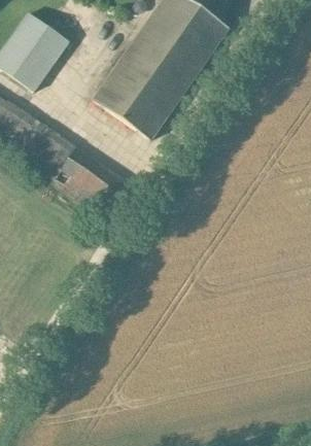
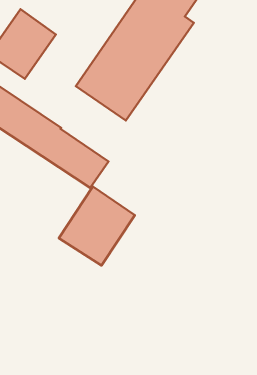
building: none -> [59,187,135,265]

